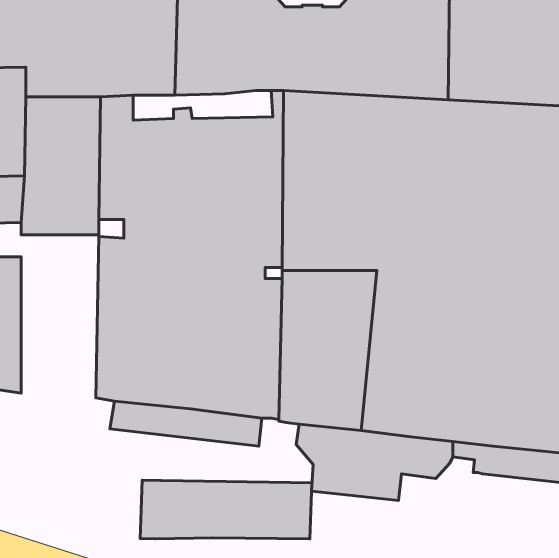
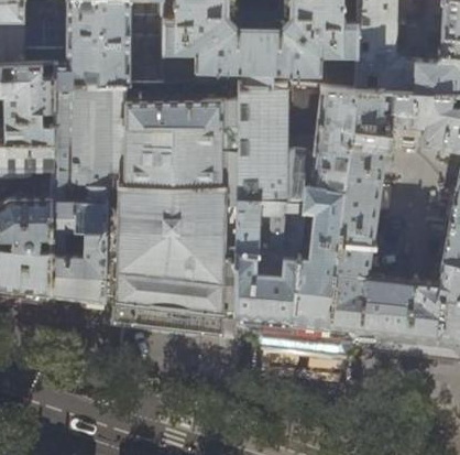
building: none -> [50,181,105,300]
building: [140,480,312,539] -> none

